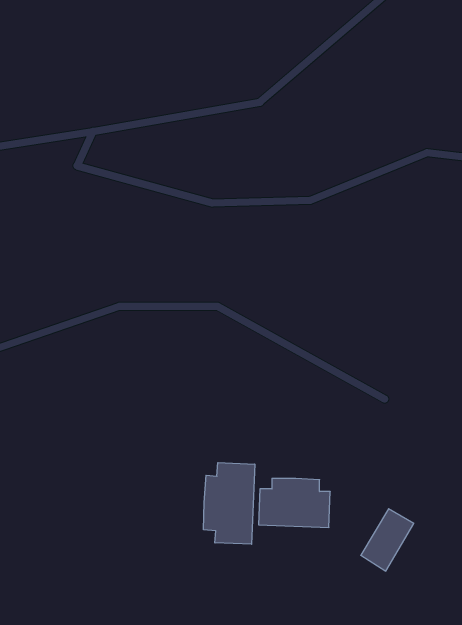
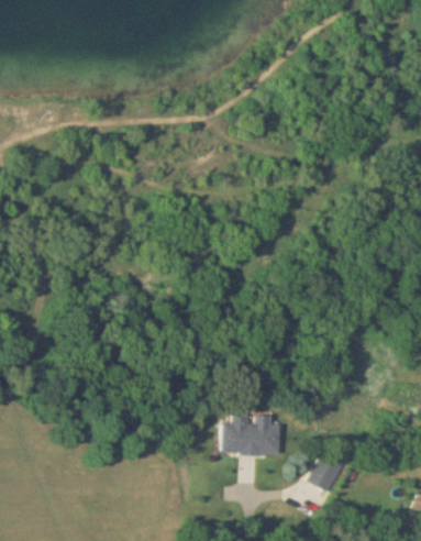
building: [204,463,255,544] -> none

